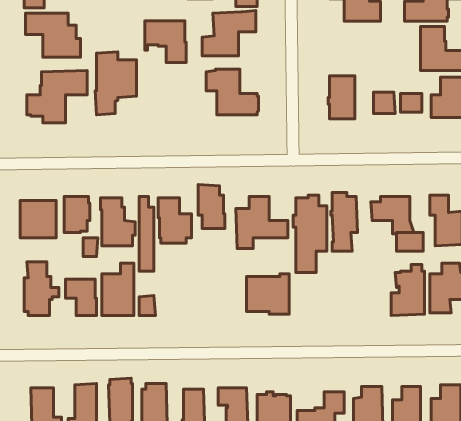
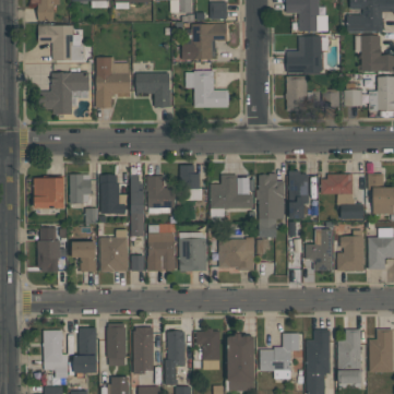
building: [145,21,186,62] -> [136,73,170,107]
building: none -> [287,36,327,73]
building: none -> [147,225,175,272]
building: none -> [306,229,332,273]
building: none -> [179,232,206,272]

